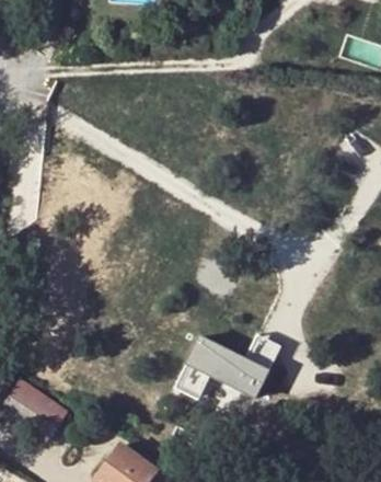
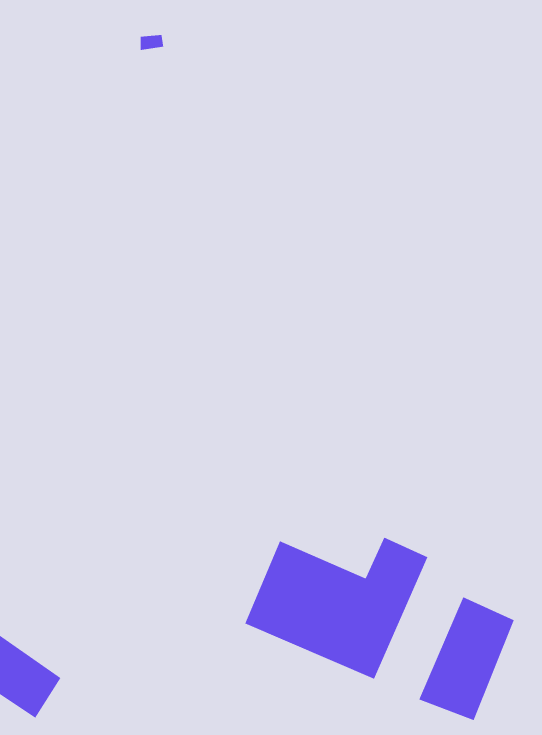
building: none -> [418,596,515,721]

